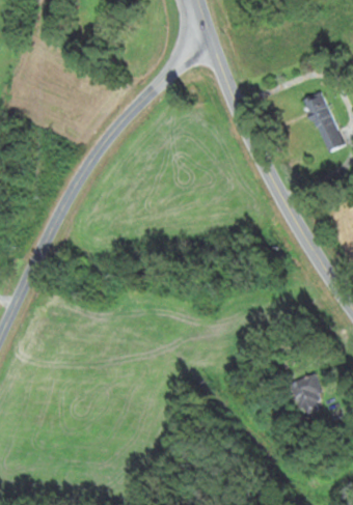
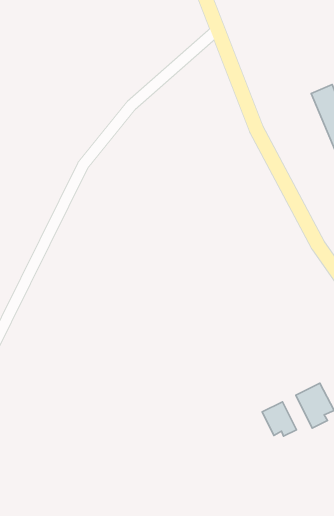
building: none -> [262,402,297,436]

